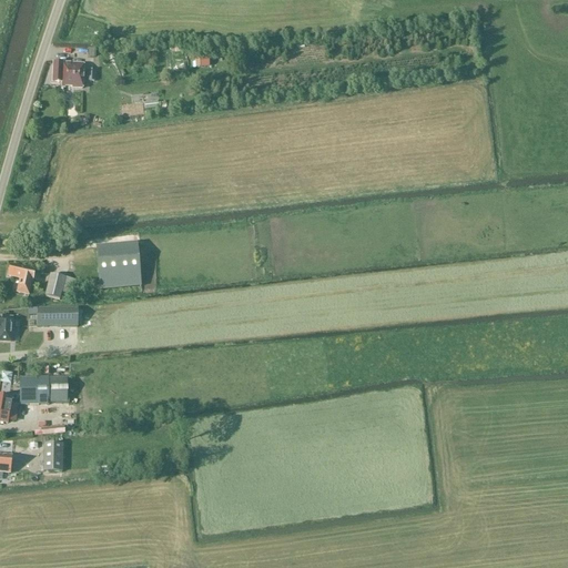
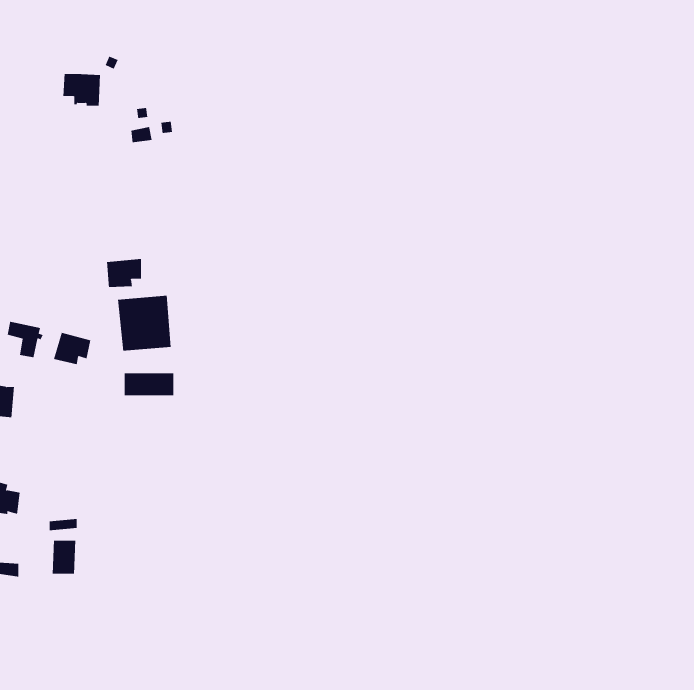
building: none -> [106,258,142,288]
building: [36,305,77,324] -> [124,373,174,396]
building: [18,375,69,400] -> none

